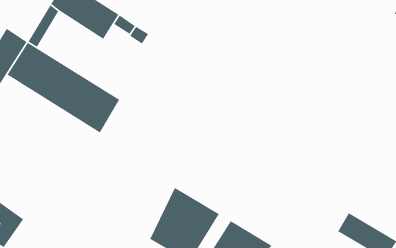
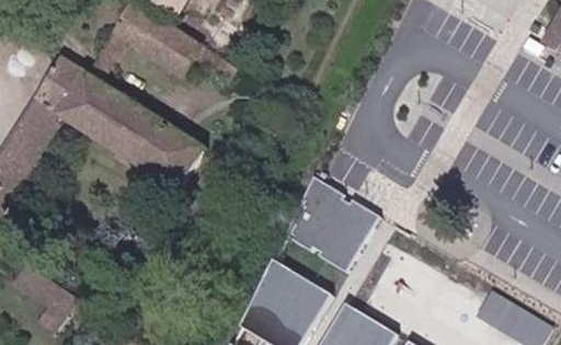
building: none -> [283,174,376,267]

